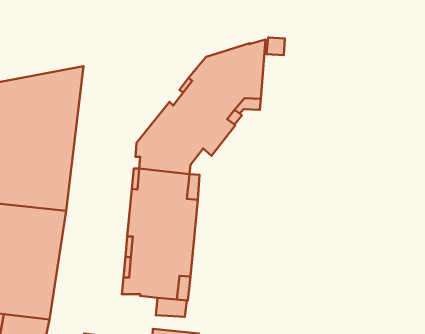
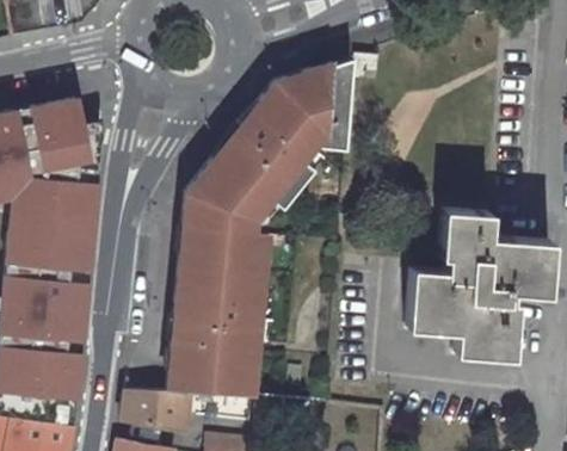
building: none -> [408,211,550,357]
building: none -> [122,390,191,428]

